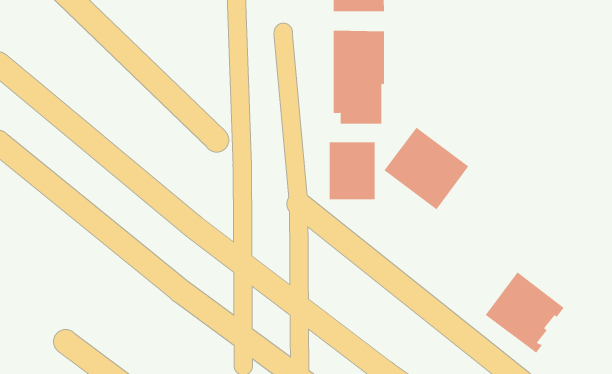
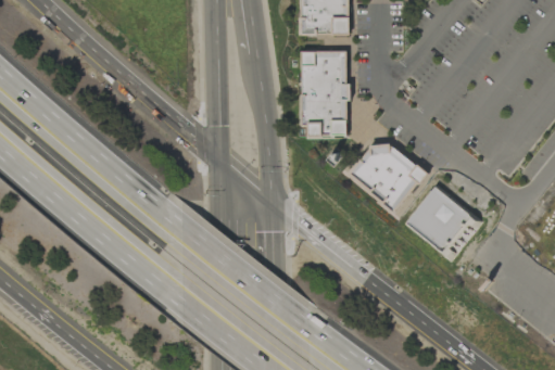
building: [329,142,375,200] -> none
building: [485,271,564,354] -> [406,186,478,259]

